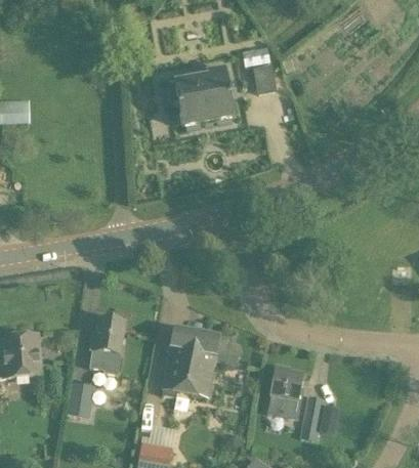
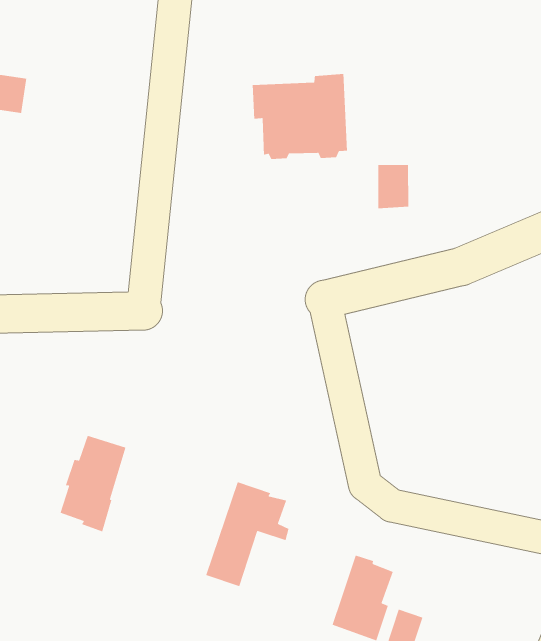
building: [252,65,276,95] -> [377,164,409,209]
building: [161,329,196,396] -> none
building: [65,380,95,417] -> none

